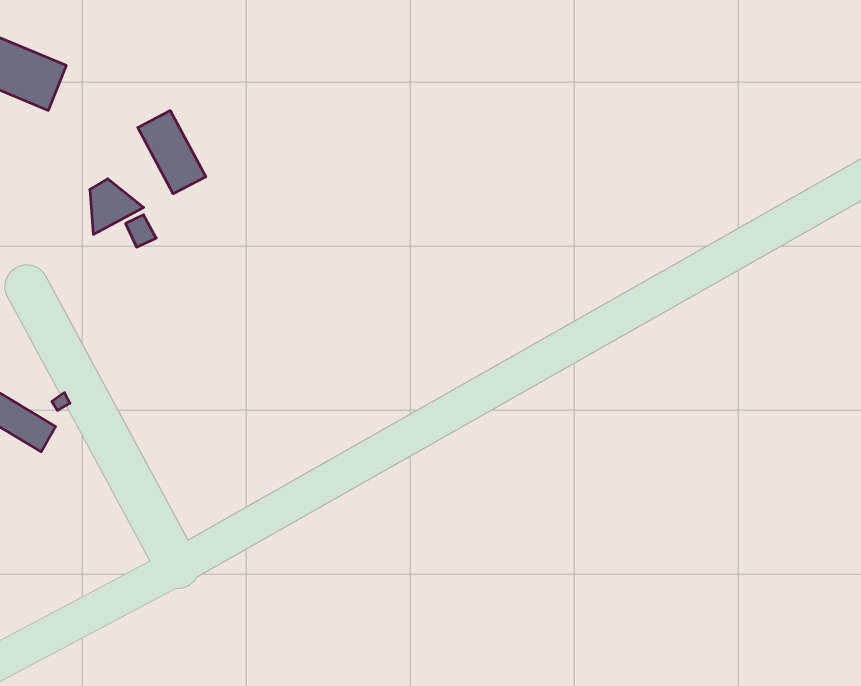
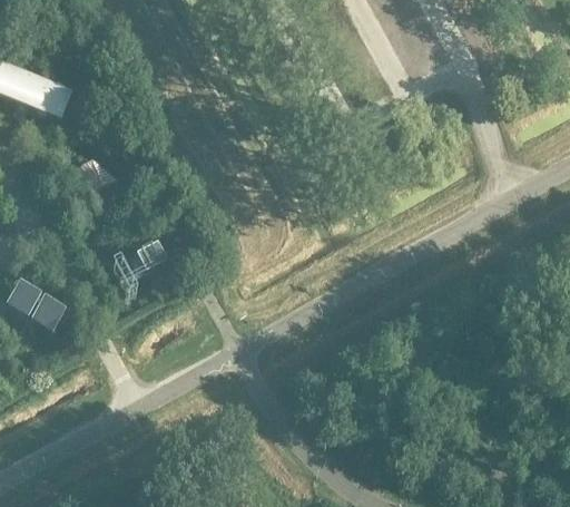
building: [138,111,206,194] -> none
building: none -> [112,245,160,293]

